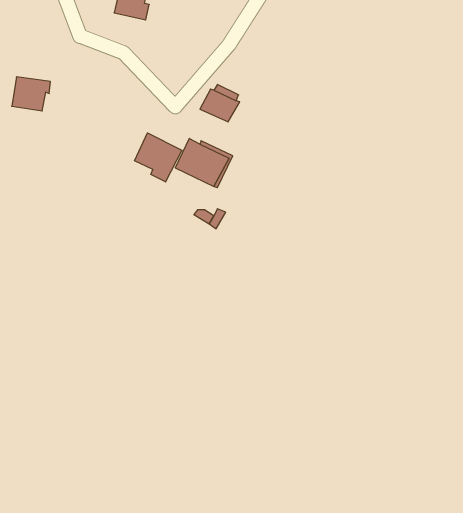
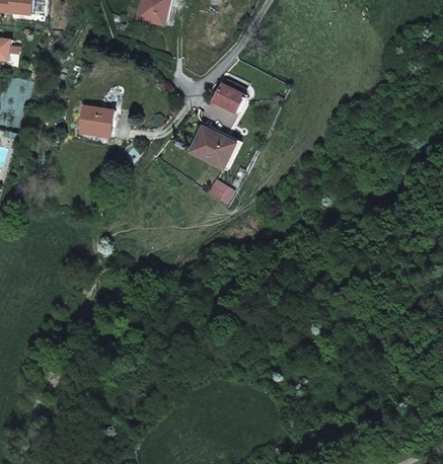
building: [12,77,50,111] -> [79,105,113,135]
building: [134,133,182,182] -> none

